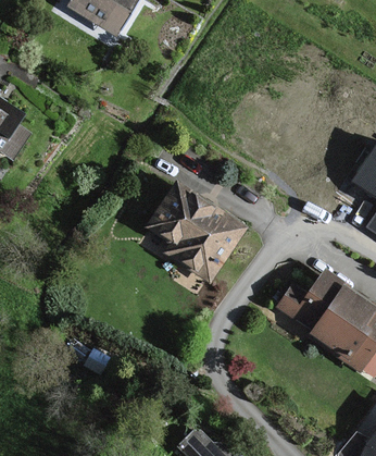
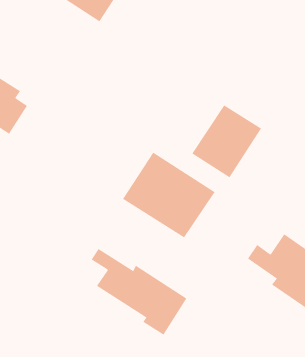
building: none -> [192,105,262,178]
building: none -> [91,248,187,335]

